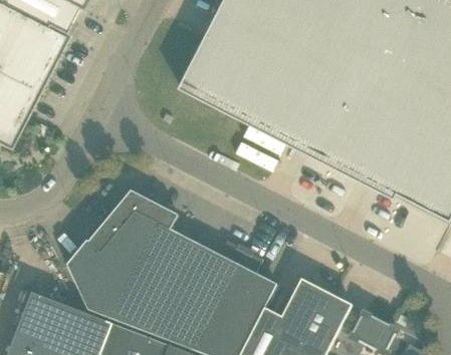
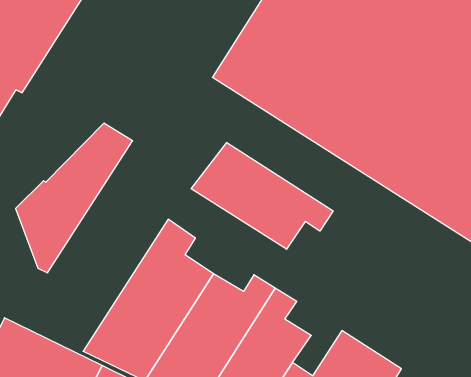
building: none -> [191,143,333,249]
building: [65,190,154,313] -> [16,123,133,273]

